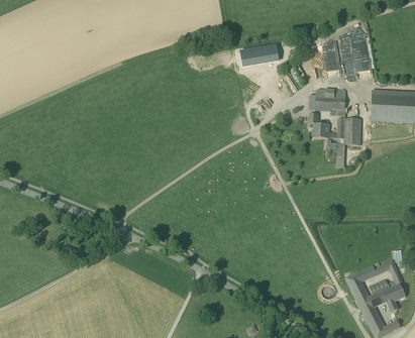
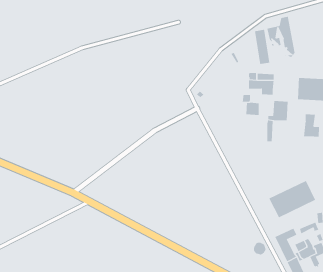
building: [240,44,279,65] -> none
building: none -> [304,113,319,138]
building: none -> [268,180,316,218]

